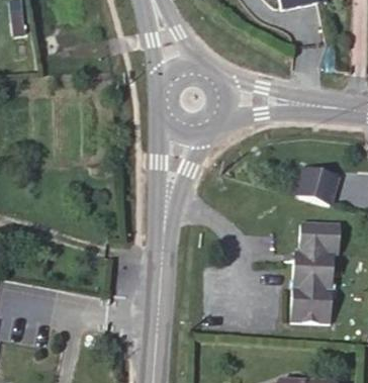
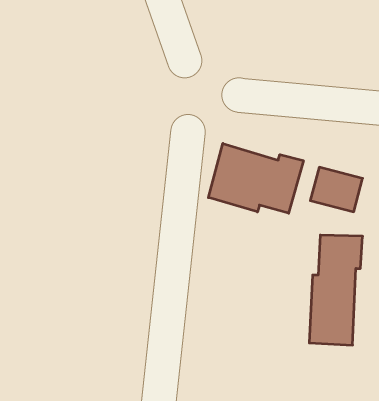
building: none -> [208,143,303,213]

